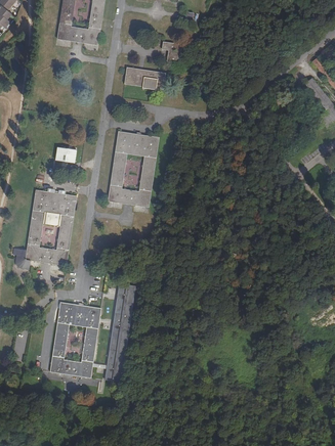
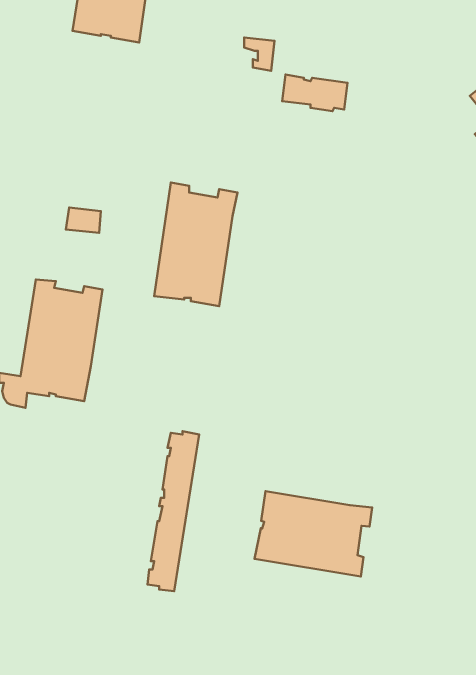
building: [125,68,165,90] -> [282,74,347,111]
building: [49,302,100,377] -> none
building: none -> [255,491,372,576]

